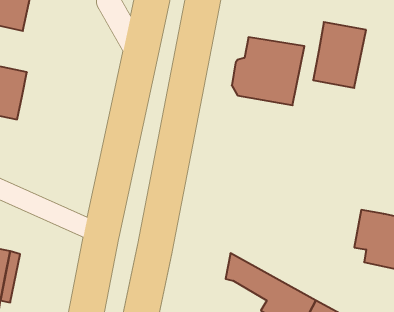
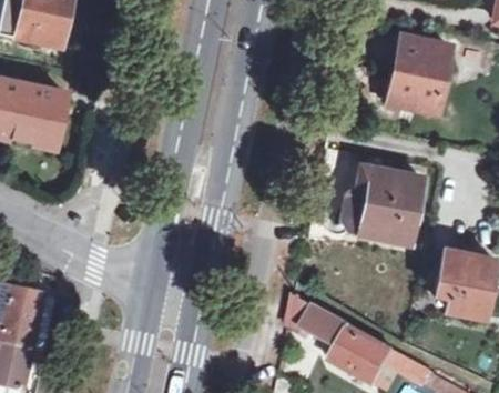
building: [232,37,304,105] -> [339,164,421,241]

